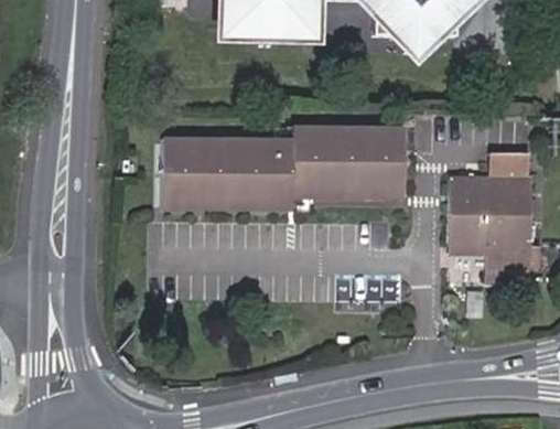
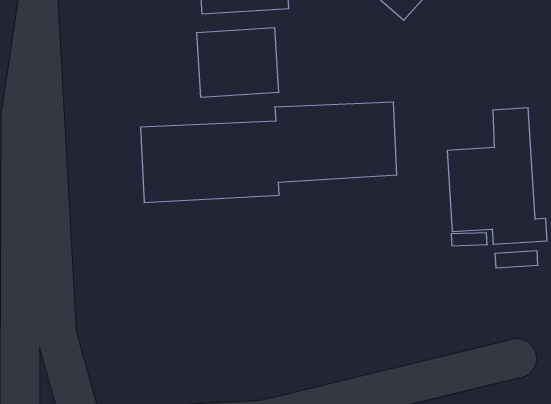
building: none -> [197,28,279,97]

